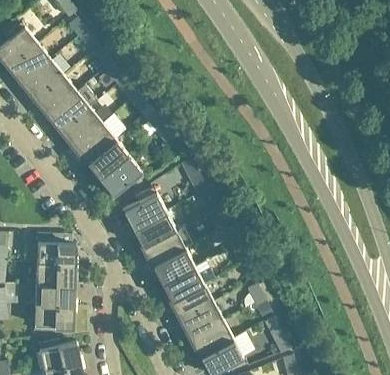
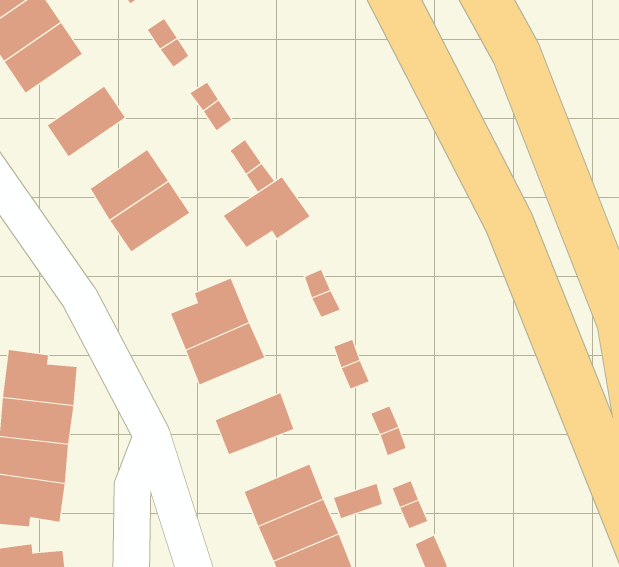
building: [34,75,76,115] -> none
building: [60,107,102,147] -> none
building: [98,155,145,195] -> [223,176,310,248]
building: [141,225,192,265] -> none
building: [160,266,204,302] -> none

